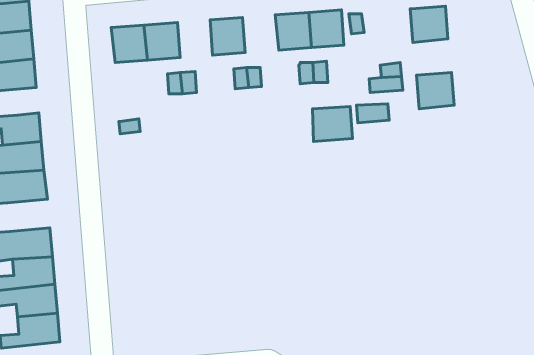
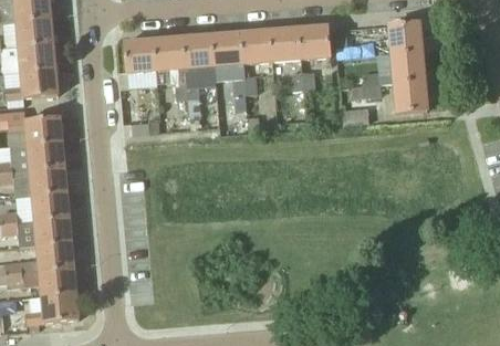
building: none -> [240,30,272,63]
building: none -> [183,34,213,67]
building: none -> [390,51,425,83]
building: [312,106,353,141] -> none
building: none -> [32,192,70,221]

